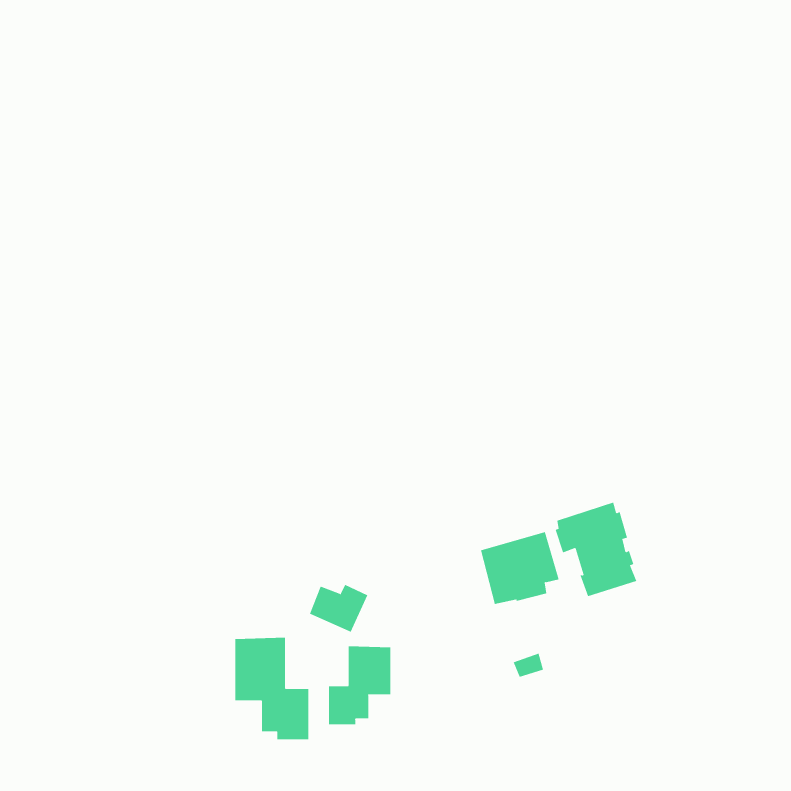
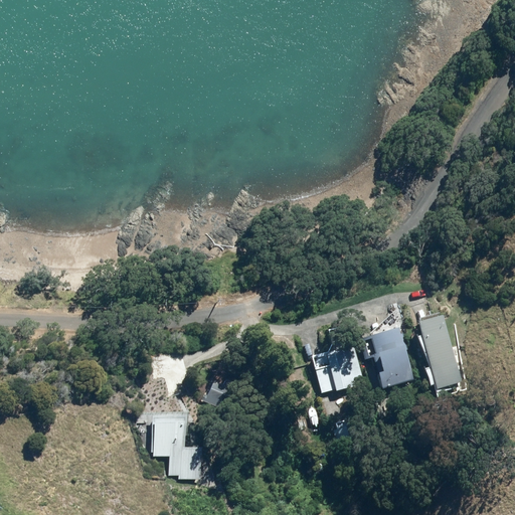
building: none -> [414,319,463,395]
building: [329,646,391,725] -> none

